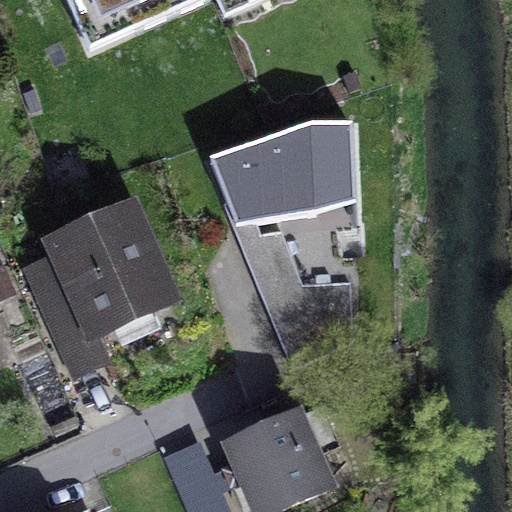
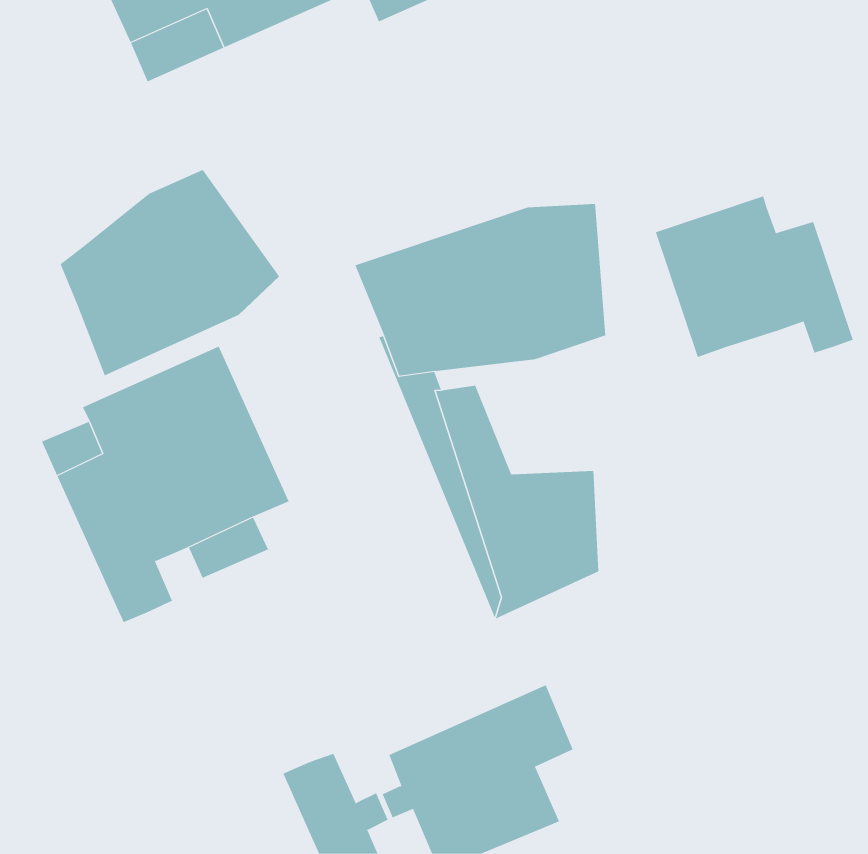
building: none -> [60,169,280,376]
building: none -> [655,195,853,358]

